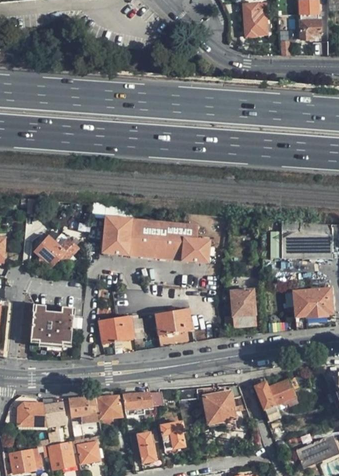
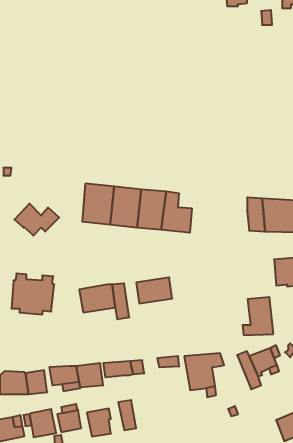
building: [225,289,256,327] -> [243,297,273,335]
building: [160,421,184,449] -> [87,409,111,437]

